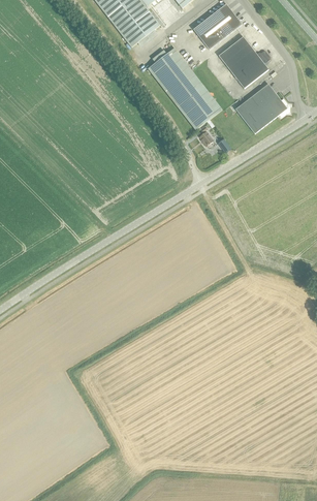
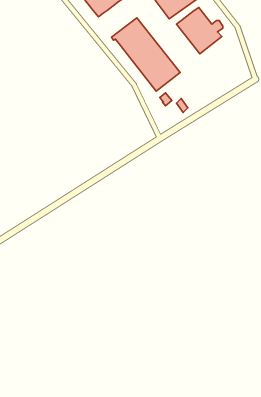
building: [234,82,288,132] -> none

